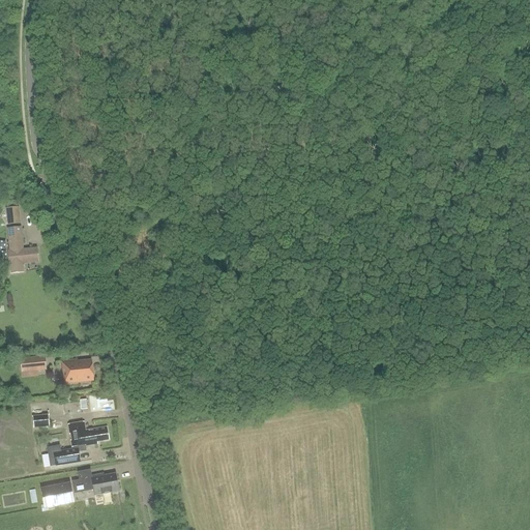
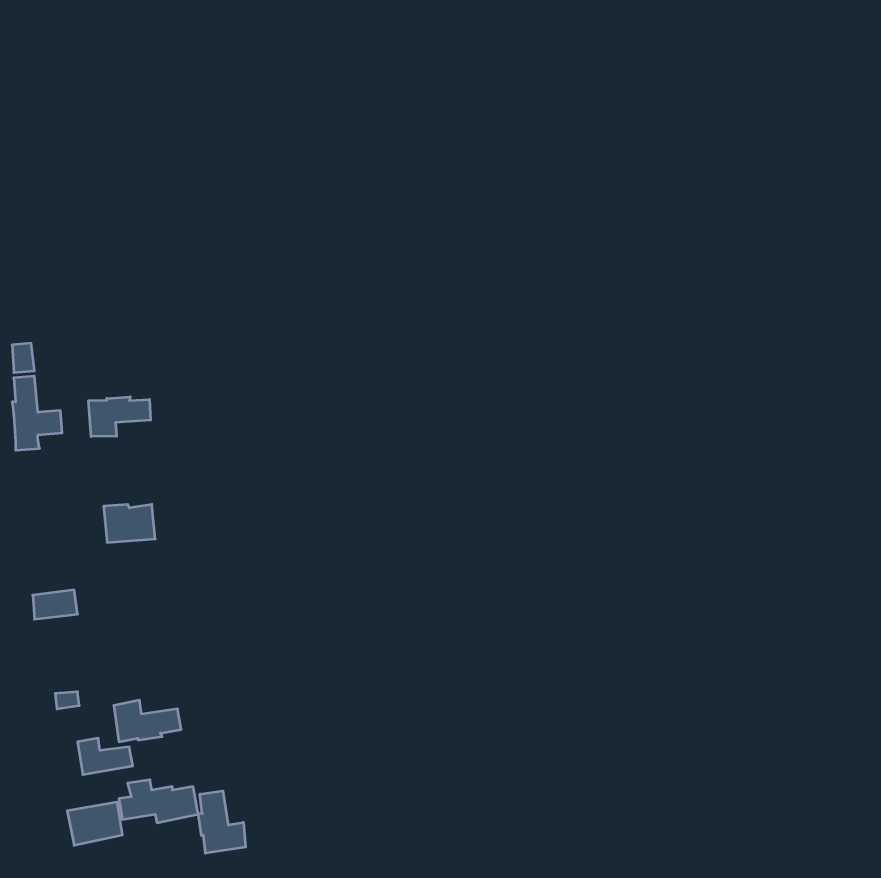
building: none -> [89,397,151,437]
building: [62,358,93,381] -> [104,504,155,542]
building: none -> [198,791,246,853]

